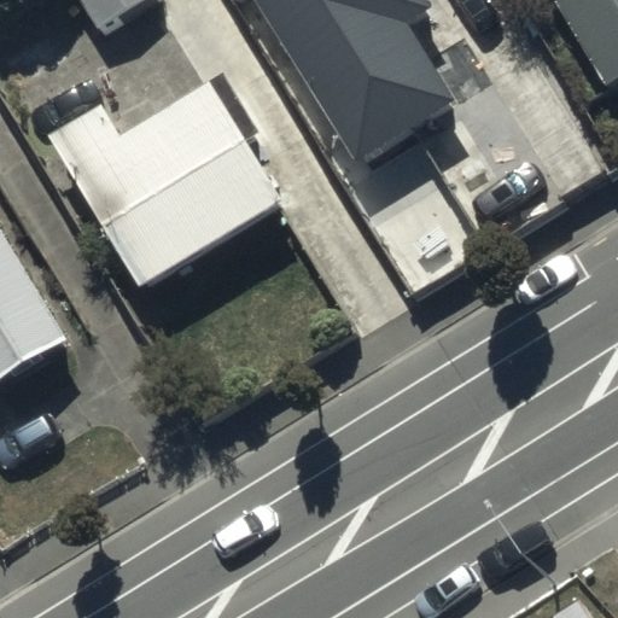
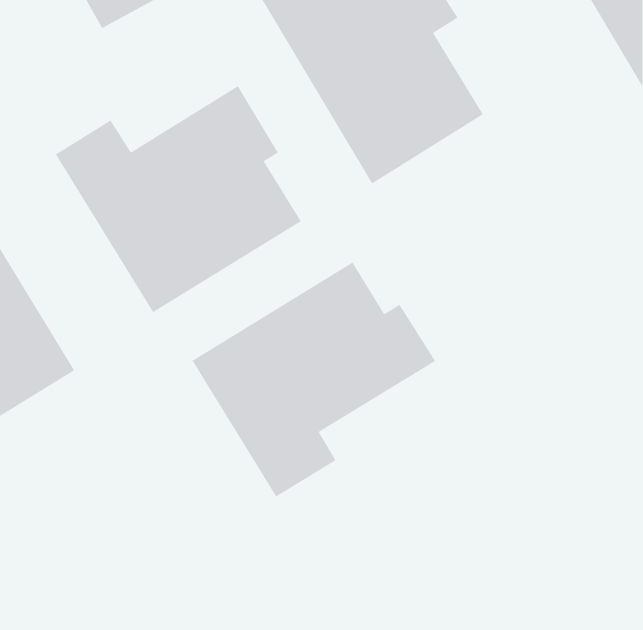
building: none -> [192,261,436,498]

